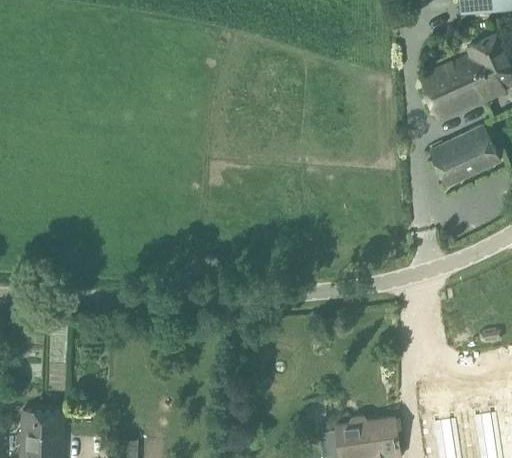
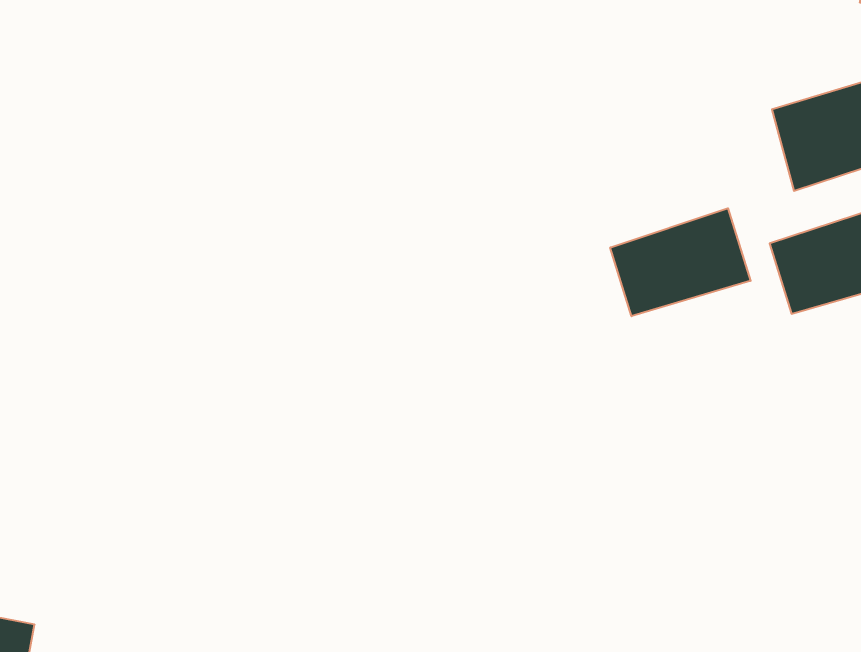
building: none -> [610,208,751,316]

